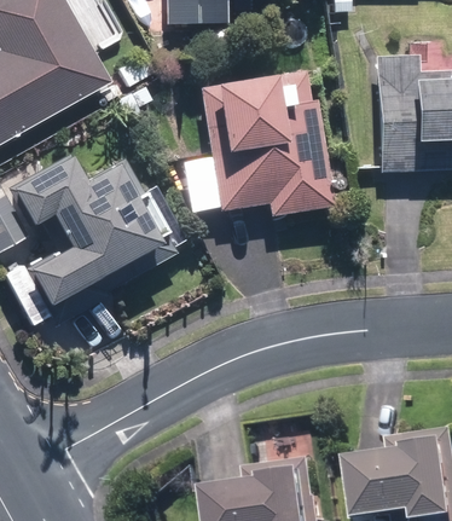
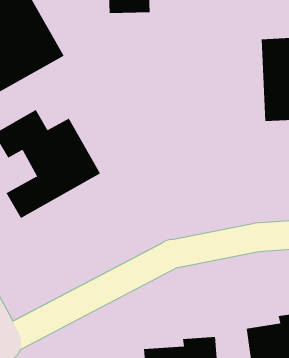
building: [201,70,330,214] -> none

